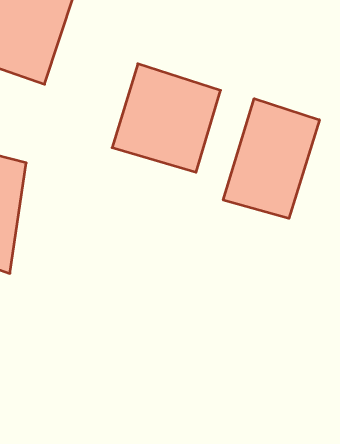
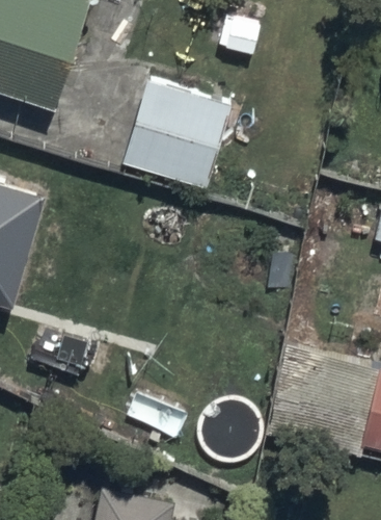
building: [223,99,319,218] -> none

